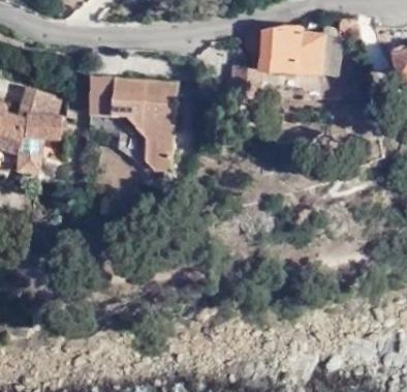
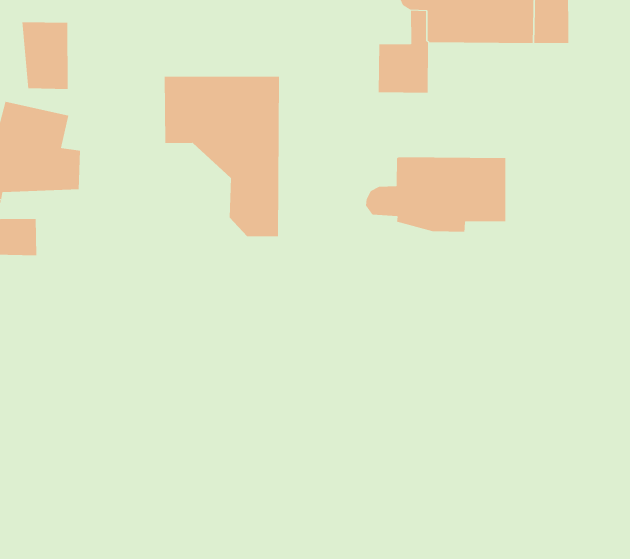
building: [89,80,115,119] -> [21,22,69,90]
building: none -> [365,156,506,232]

